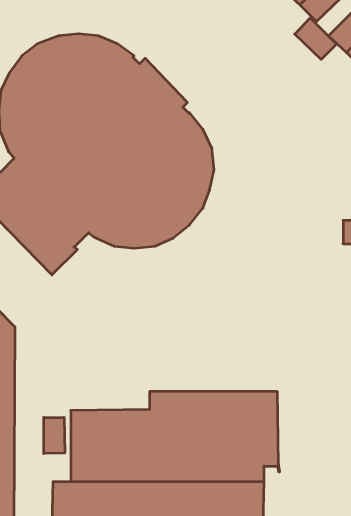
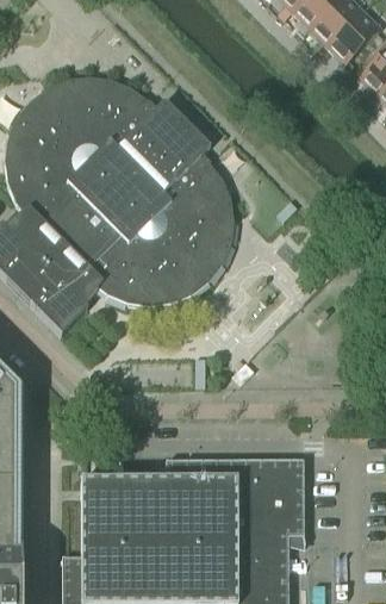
building: [295,18,337,59] -> none
building: [44,417,65,454] -> none

